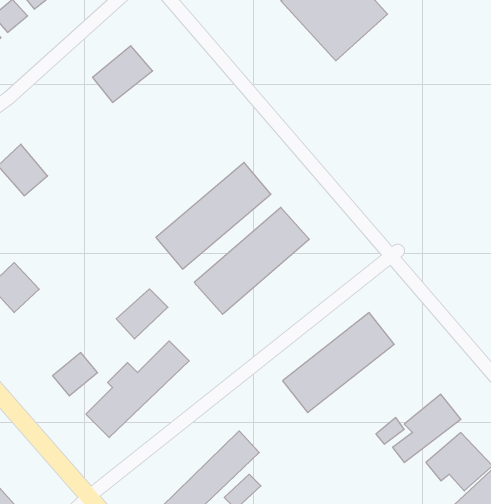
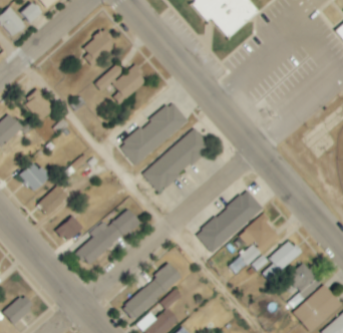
building: none -> [95,62,148,98]
building: [116,289,168,339] -> [38,185,69,215]
building: none -> [229,214,282,274]

